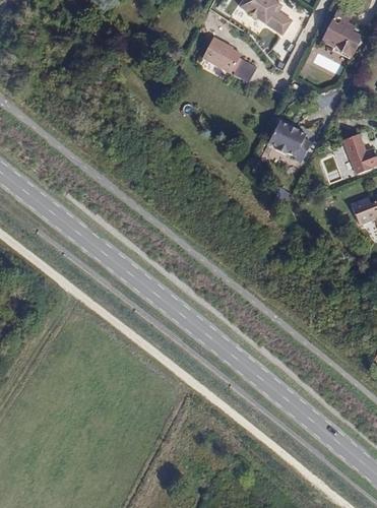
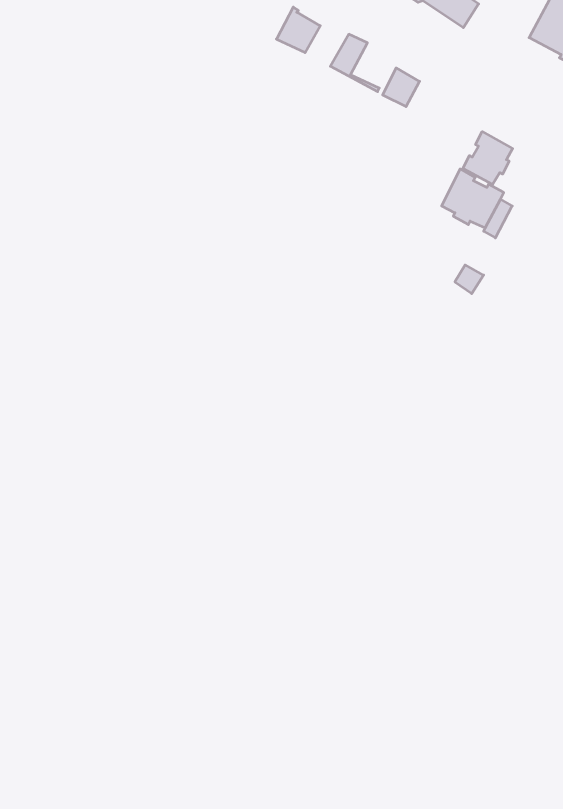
building: [214,43,241,70] -> [276,7,320,53]
building: none -> [463,132,513,184]

